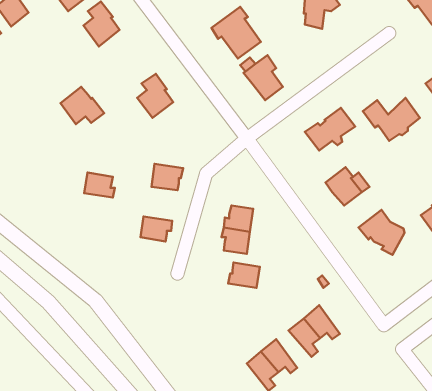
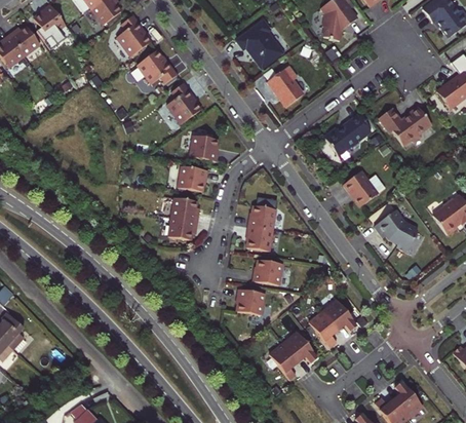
building: [60,87,104,124] -> [137,49,178,84]
building: none -> [191,136,219,161]
building: [84,172,115,198] -> [172,196,201,220]
building: none -> [235,289,264,314]

